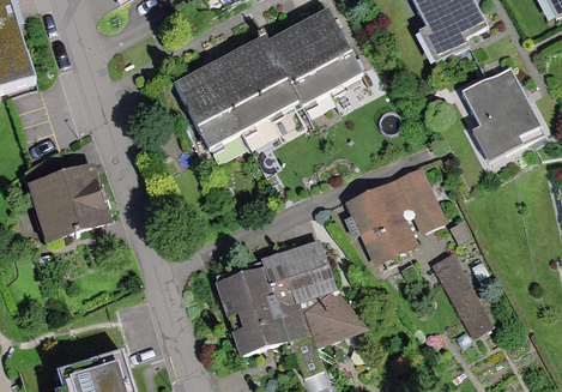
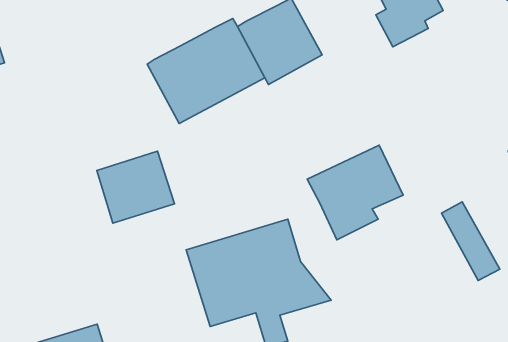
building: [460,68,537,165] -> none
building: [31,165,113,241] -> [97,151,175,223]
building: [435,249,496,332] -> [442,202,500,281]

